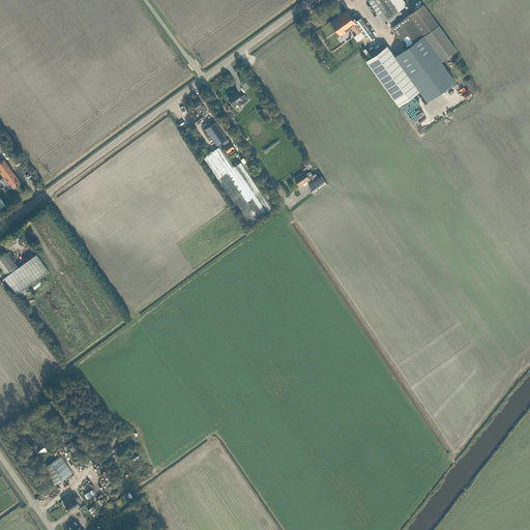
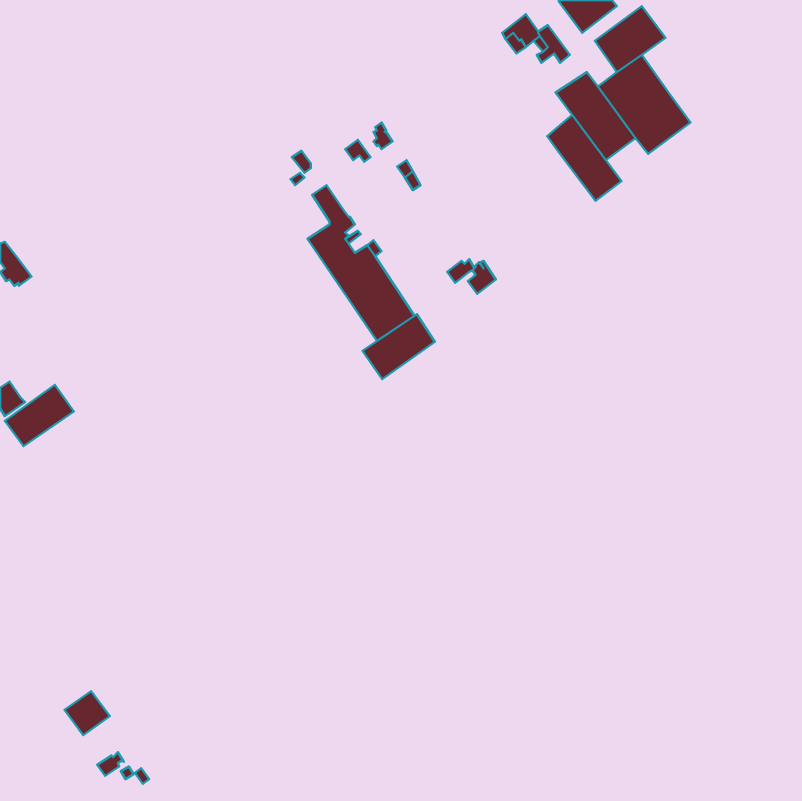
building: [423,26,457,62] -> none
building: none -> [547,115,621,201]
building: none -> [362,314,435,379]

